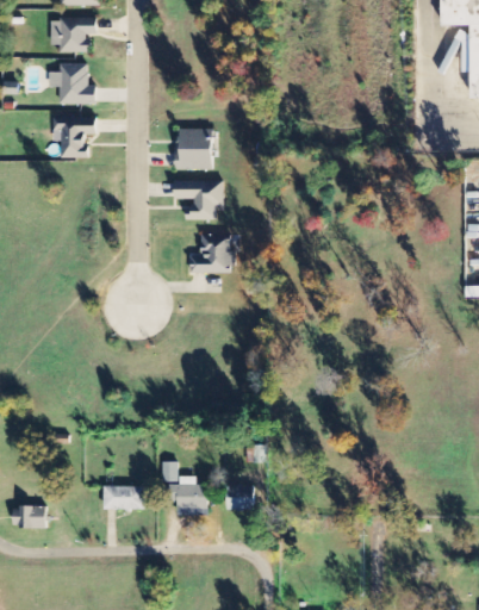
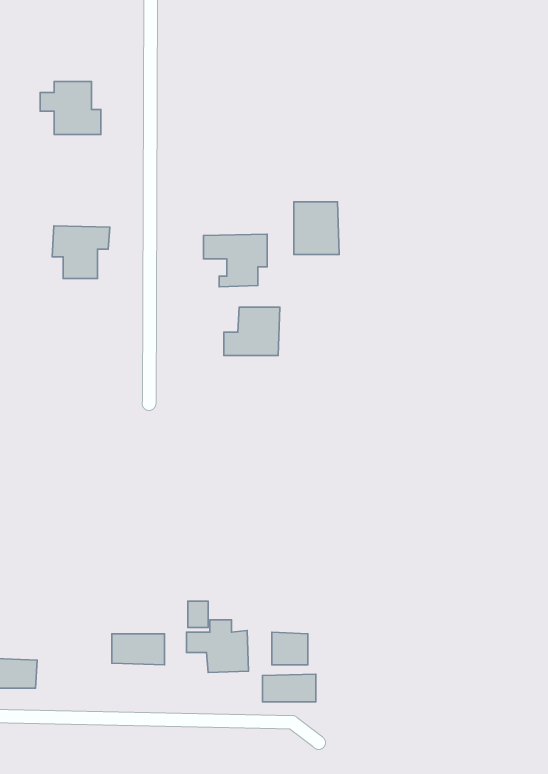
building: [50,18,97,52] -> none
building: [52,117,97,157] -> [52,226,110,279]
building: [179,129,213,169] -> [294,202,339,255]
building: none -> [263,674,316,702]

